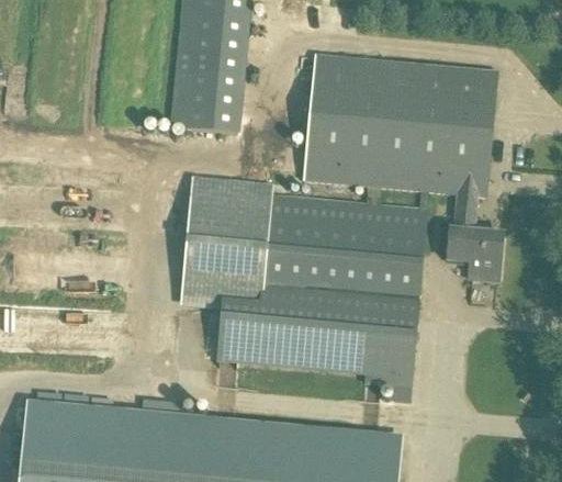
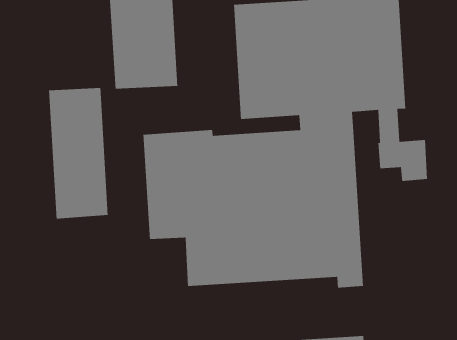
building: none -> [48,87,108,219]

